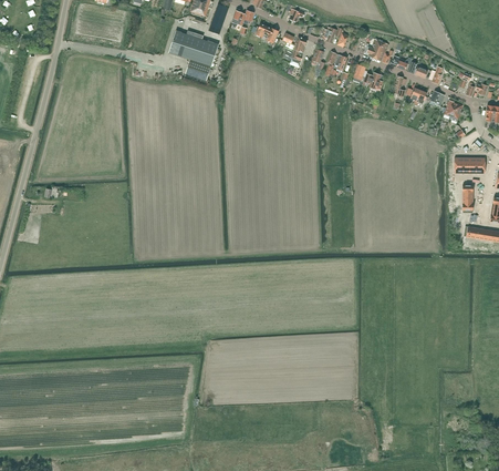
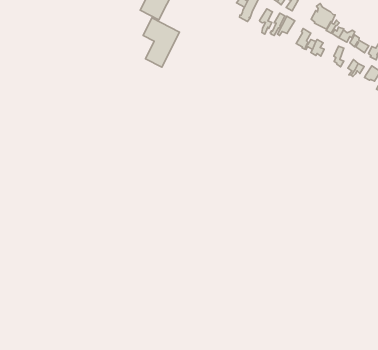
building: none -> [143,18,180,67]

